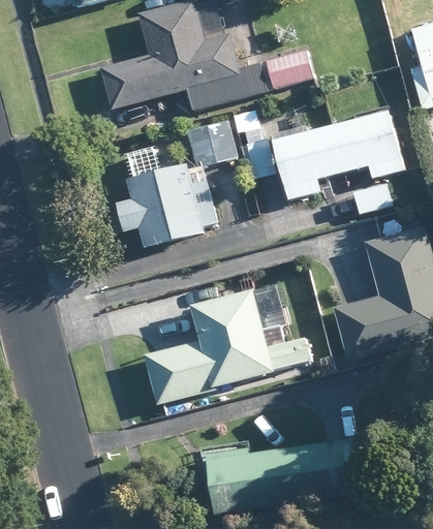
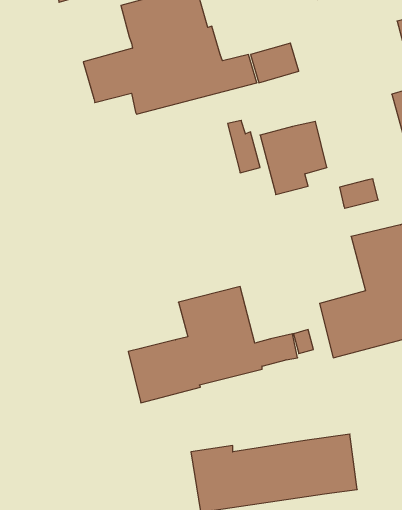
building: [328,110,403,177] -> none
building: [184,118,235,166] -> none
building: [118,163,216,247] -> none

